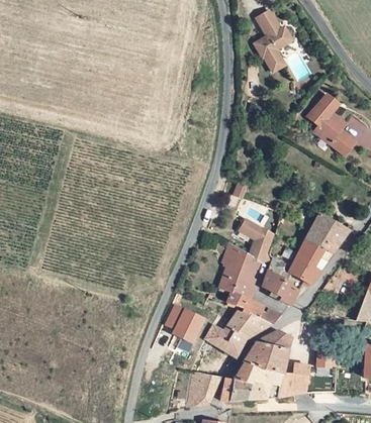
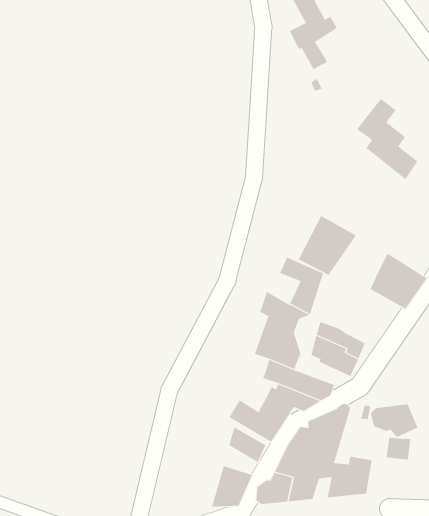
building: [292,238,337,284] -> [298,215,357,276]
building: [167,301,207,341] -> none
building: none -> [370,404,418,438]

